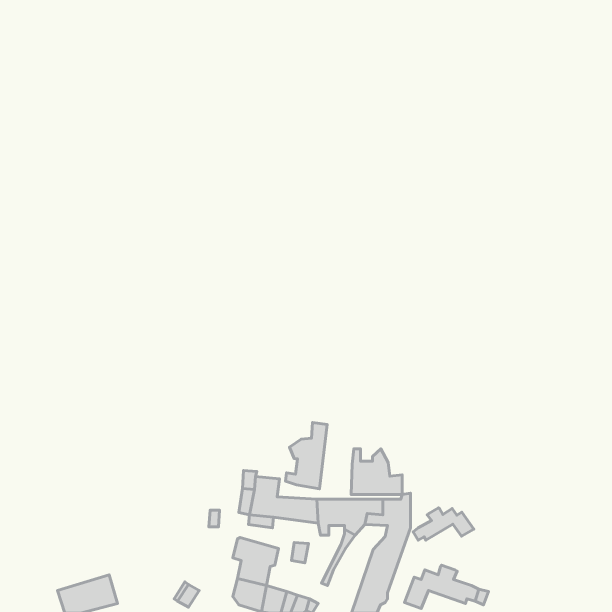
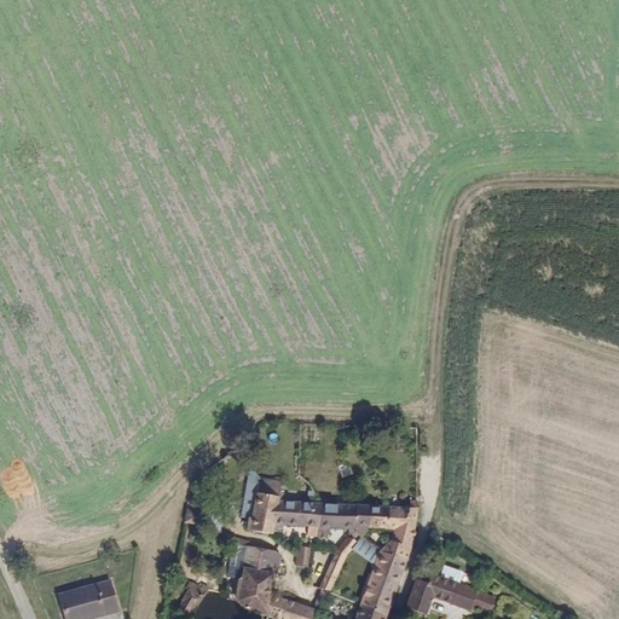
building: [285,423,327,489] -> none
building: [351,449,402,494] -> none
building: [413,508,474,540] -> none

